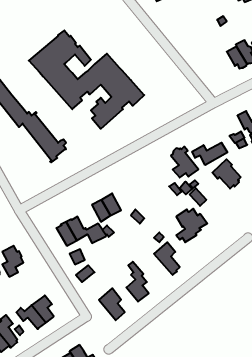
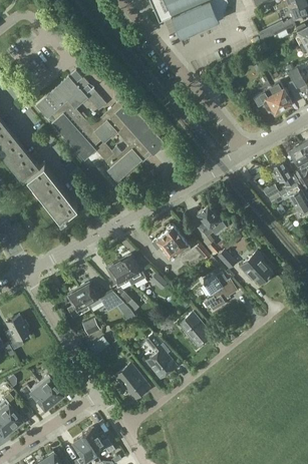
building: [192,143,227,165] -> none
building: [212,159,241,189] -> [240,252,272,285]
building: none -> [151,224,190,262]

